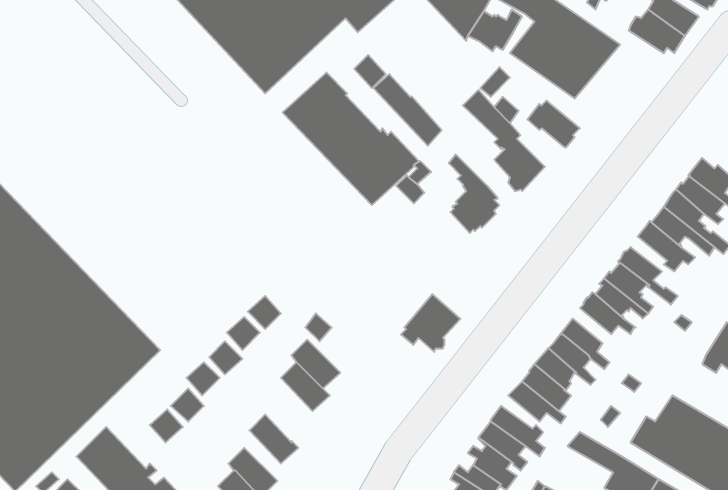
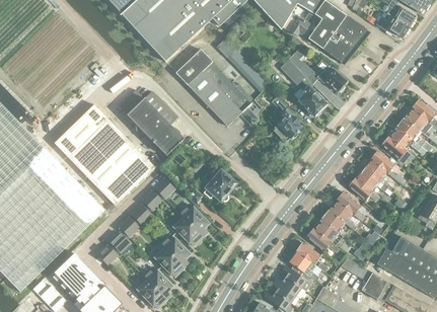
building: none -> [120,89,185,155]
building: none -> [54,104,154,205]
building: [401,294,460,352] -> [203,169,237,203]
building: none -> [161,234,190,263]

